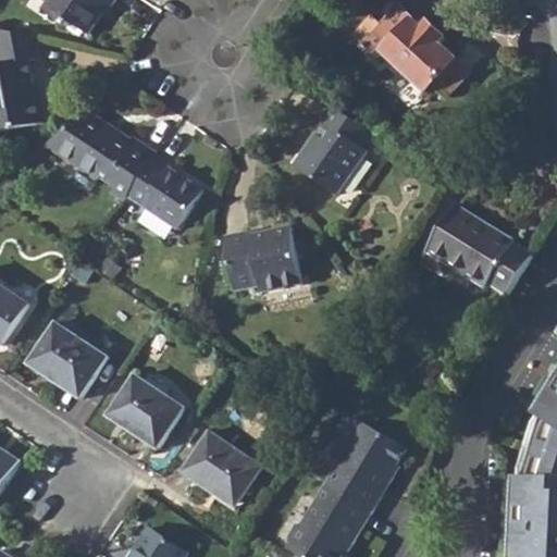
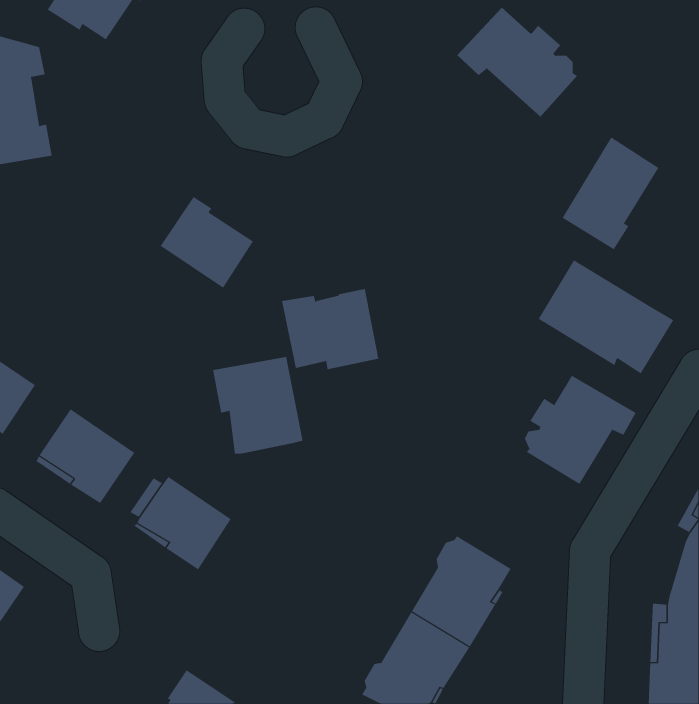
building: [294,107,372,198] -> none
building: none -> [562,137,659,250]
building: [42,114,152,200] -> none
building: none -> [213,356,303,455]
building: none -> [524,375,637,485]
building: [180,431,261,508] -> none

